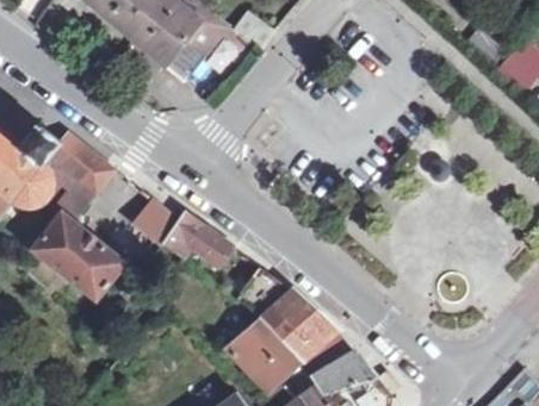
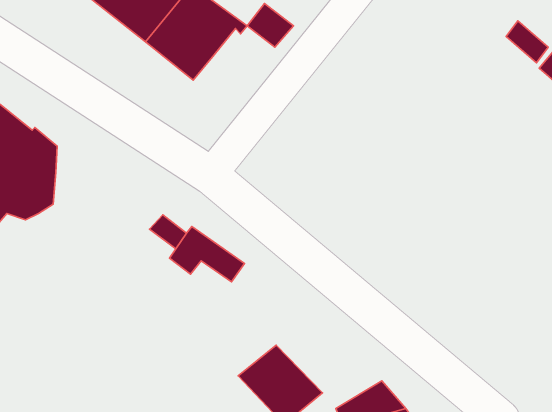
building: [61,135,118,198] -> none
building: [33,216,123,298] -> none
building: [234,267,334,363] -> none

